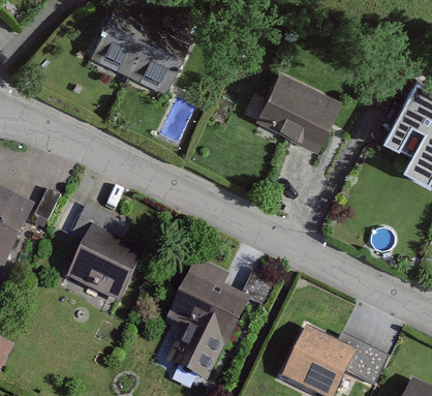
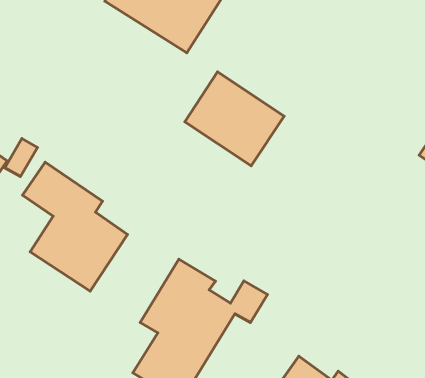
building: [258,73,341,148] -> [185,72,284,166]

